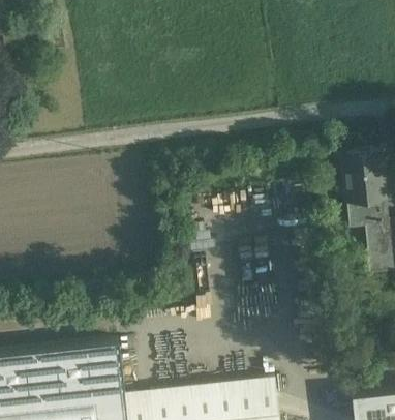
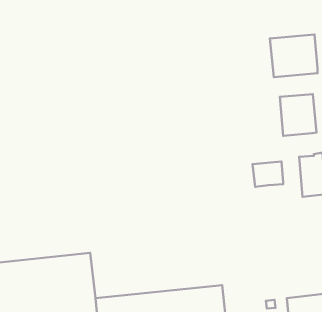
building: none -> [270,35,317,77]
building: [346,199,383,229] -> [253,161,283,187]

